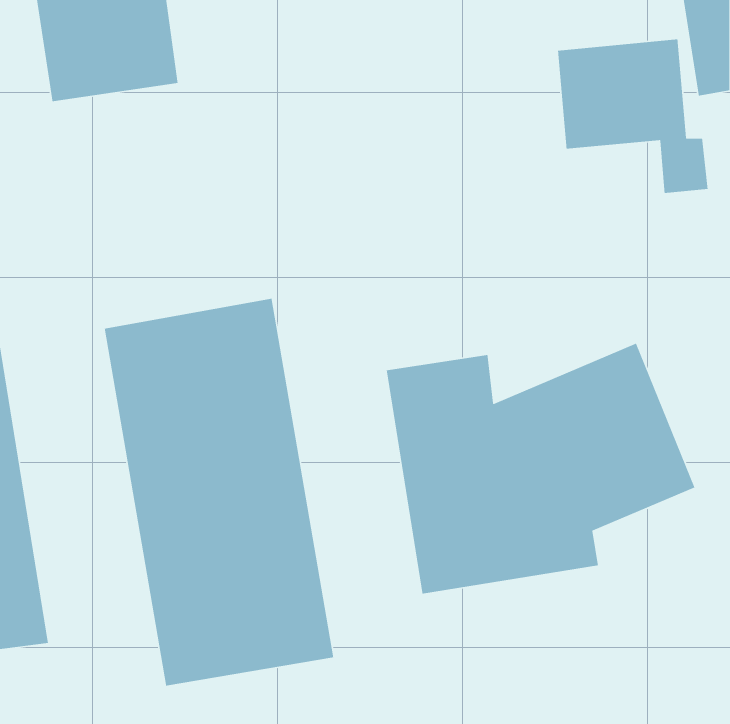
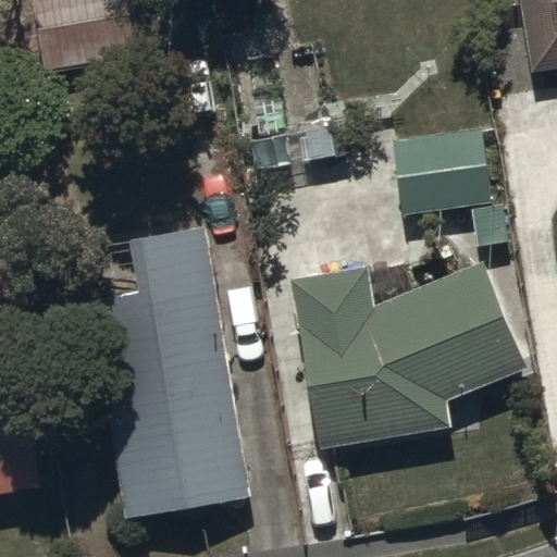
building: [557,39,708,194] -> [391,127,505,245]

